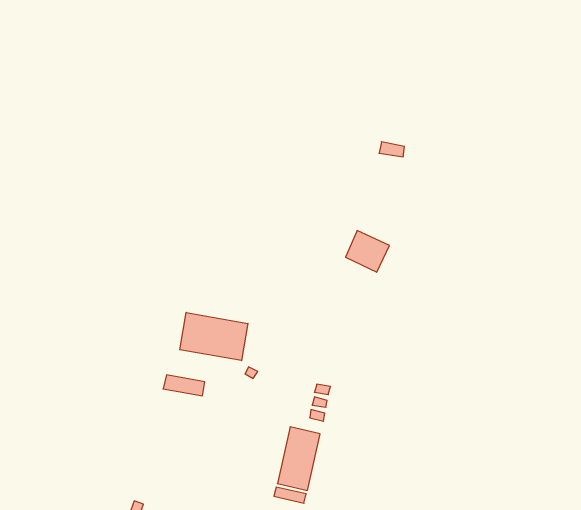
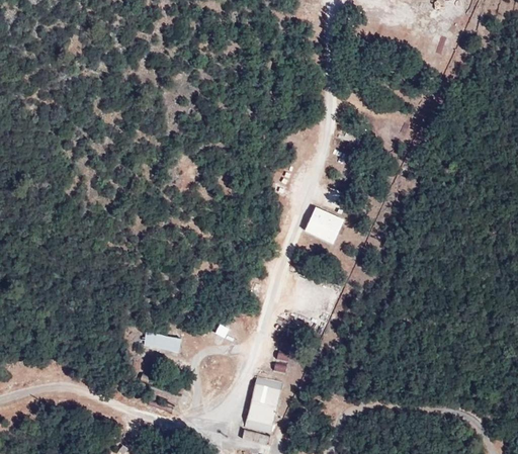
building: [180,312,248,361] -> none

